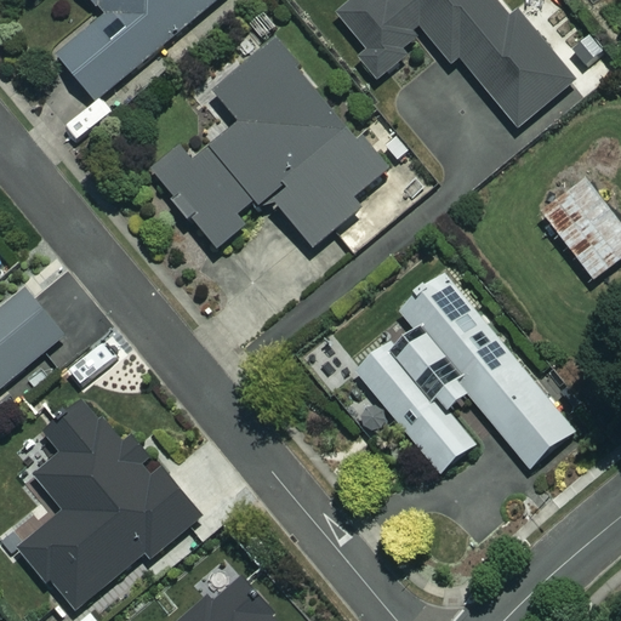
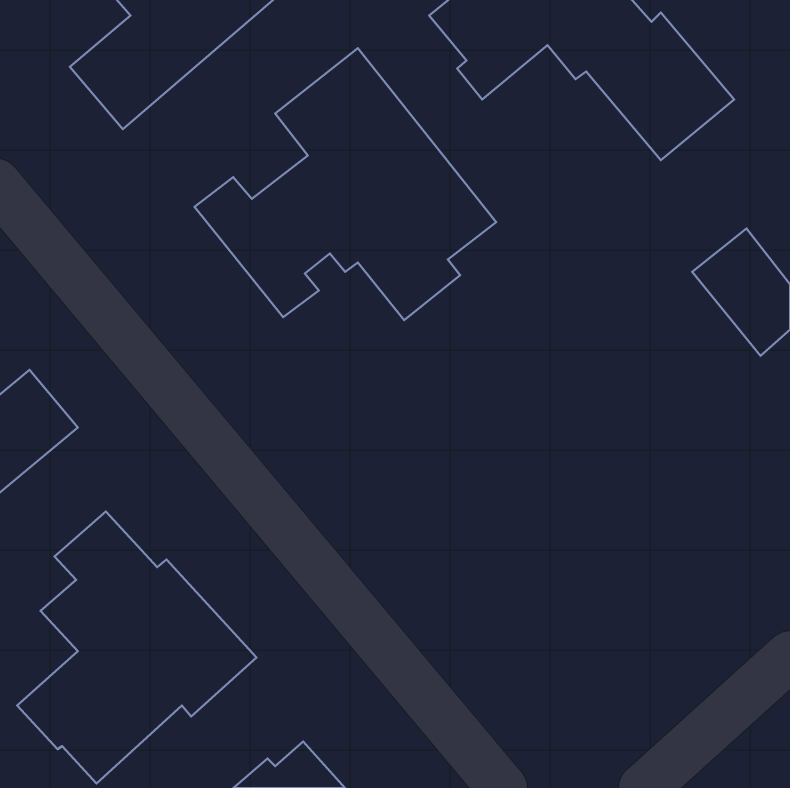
building: [354,268,575,472] -> none

